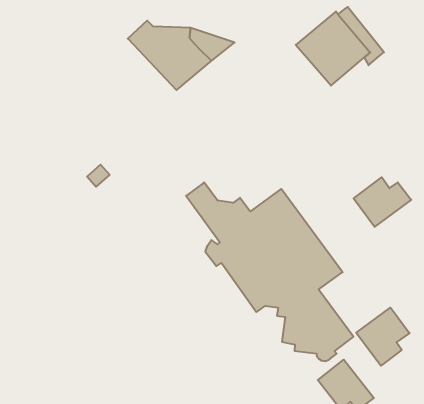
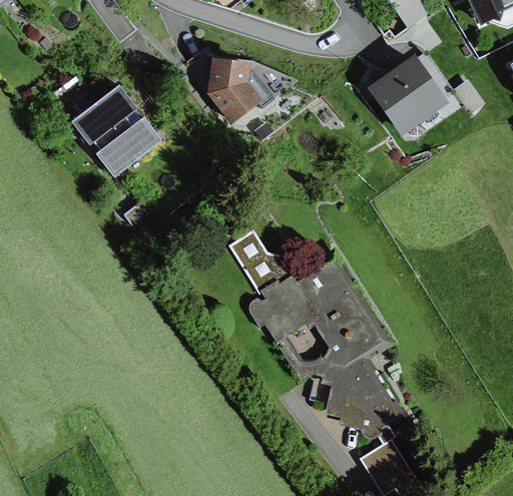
building: none -> [70,87,159,177]
building: [354,177,411,227] -> none
building: [356,308,410,366] -> none

